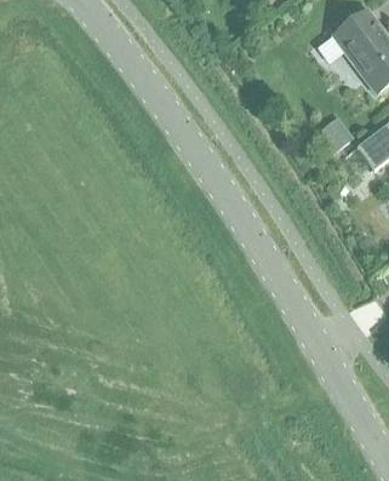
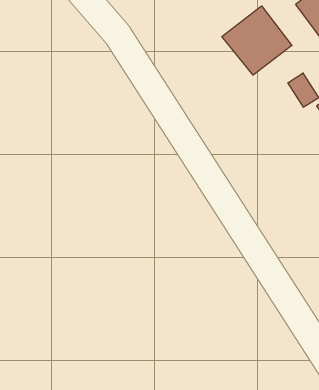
building: none -> [222,6,292,75]

